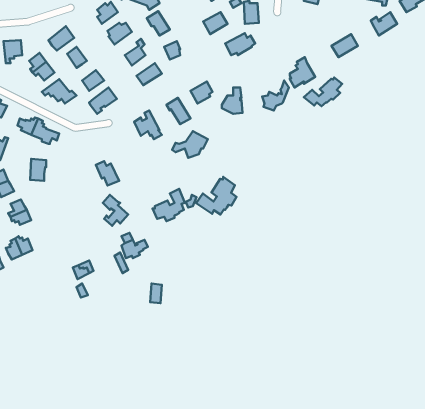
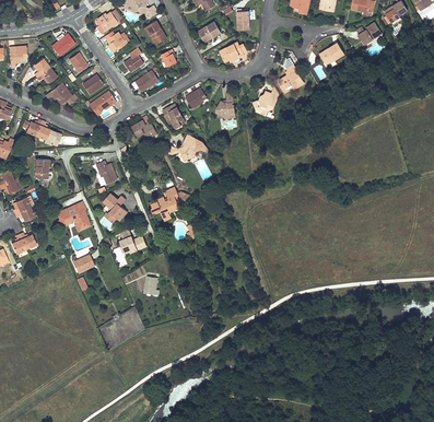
building: [304,77,342,106] -> none
building: [196,177,237,214] -> none
building: none -> [57,203,89,232]

